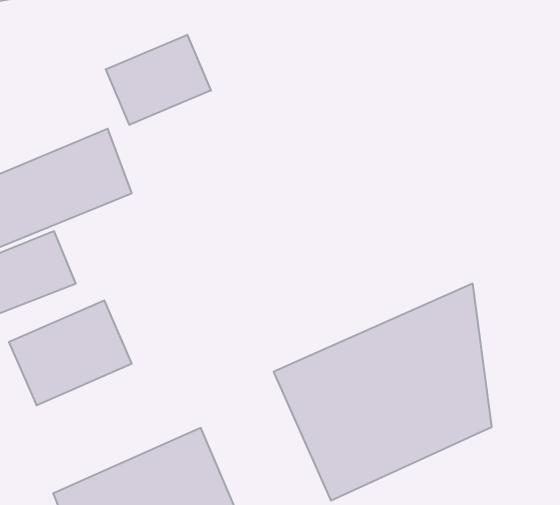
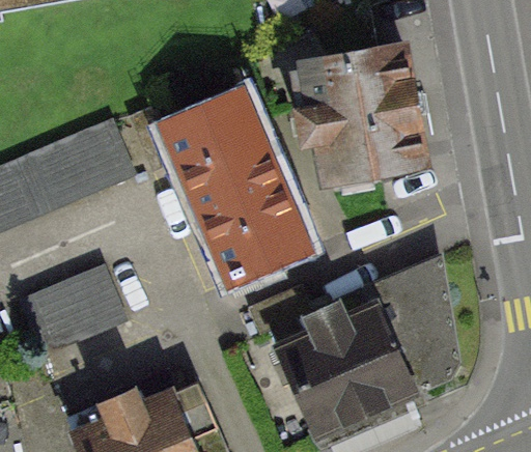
building: [106,35,211,125] -> none
building: none -> [296,60,410,168]
building: none -> [162,101,302,282]

